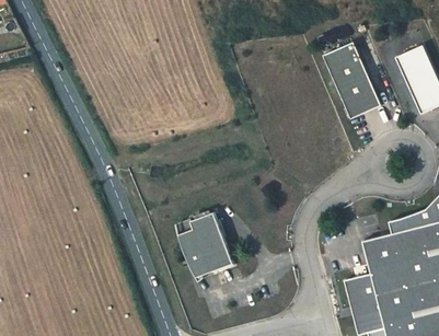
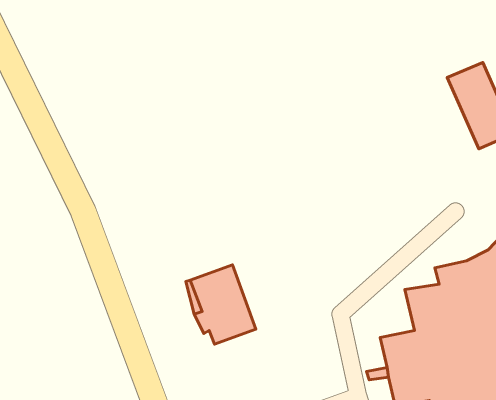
building: [322,47,382,124] -> none

